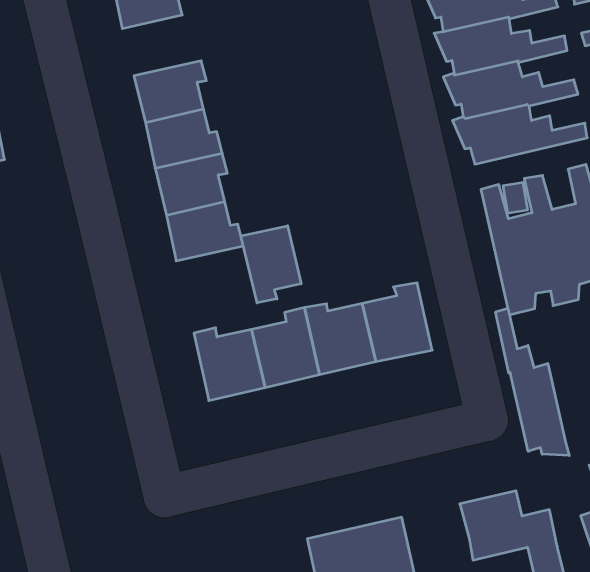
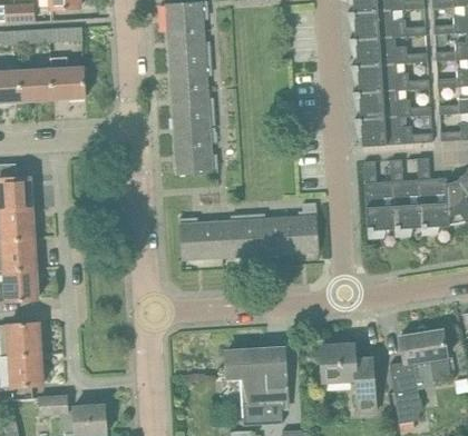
building: none -> [167,30,211,61]
building: [241,226,301,303] -> none
building: [496,308,569,456] -> none

